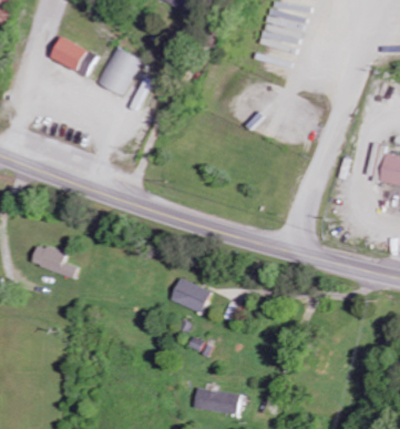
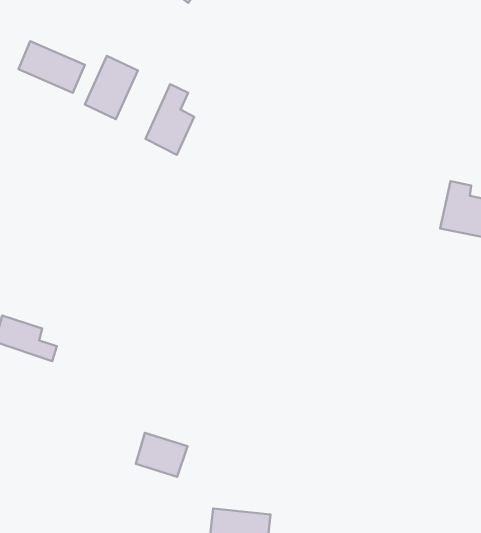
building: none -> [145,84,194,155]
building: [171,278,209,311] -> [136,433,188,477]

